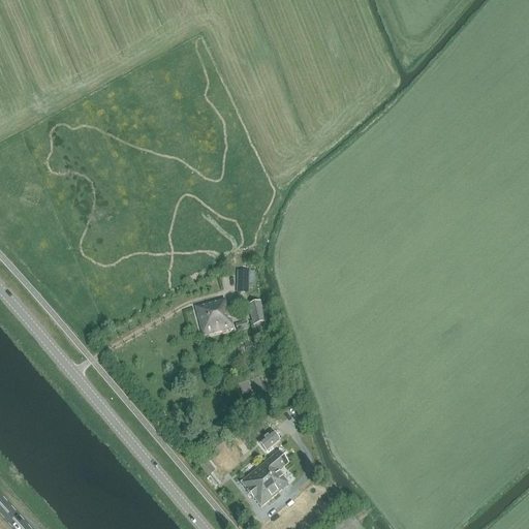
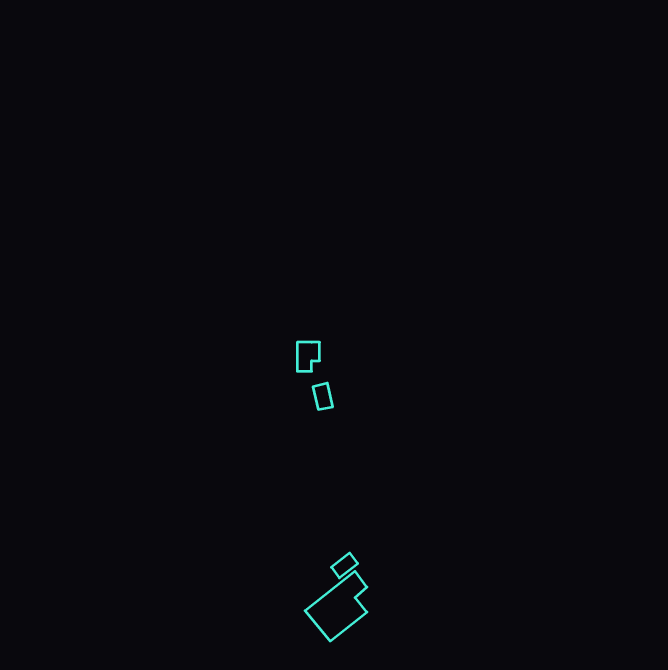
building: [197,299,234,334] -> none

